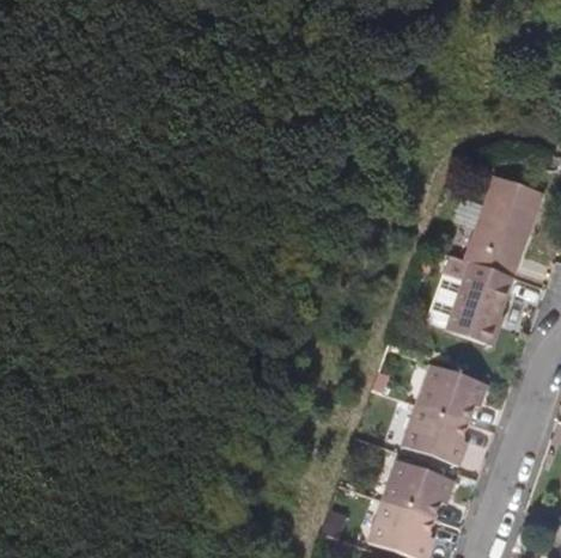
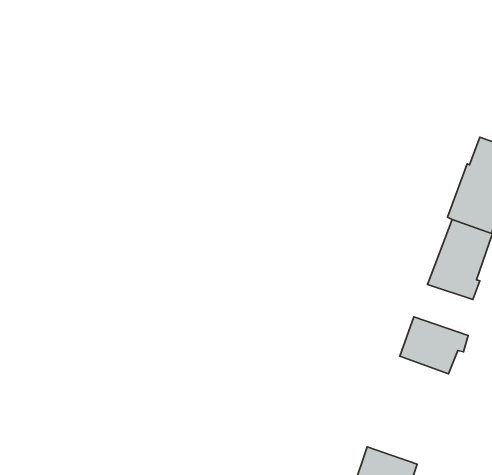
building: [402,404,467,466] -> none
building: [383,456,455,515] -> none

